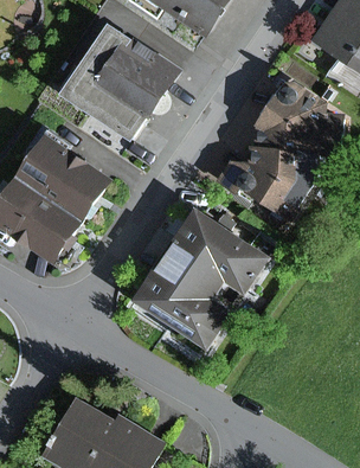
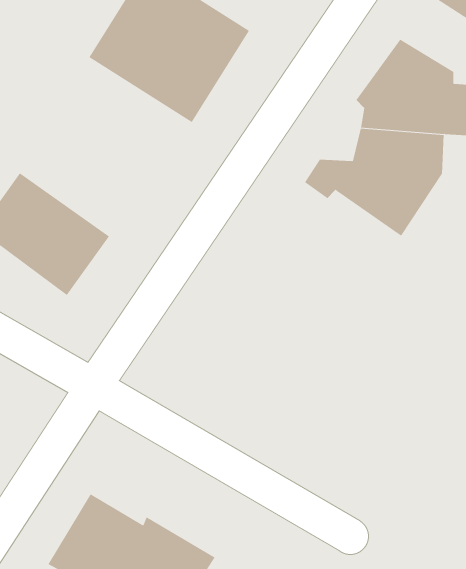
building: [20,130,117,218] -> none
building: [131,214,256,344] -> none

